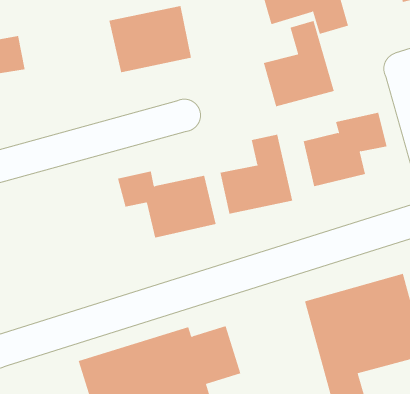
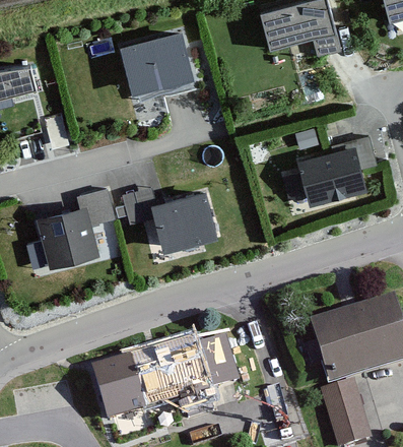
building: [263,20,334,107] -> none
building: [220,134,293,214] -> none
building: none -> [35,187,118,265]

